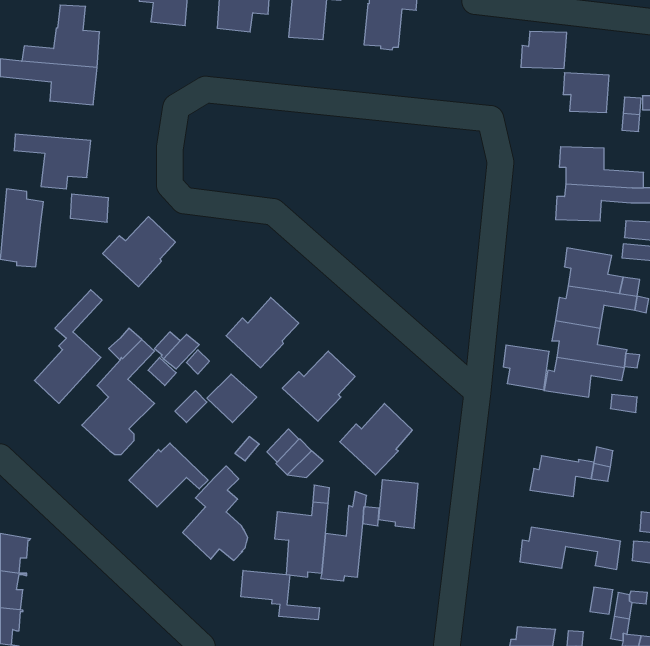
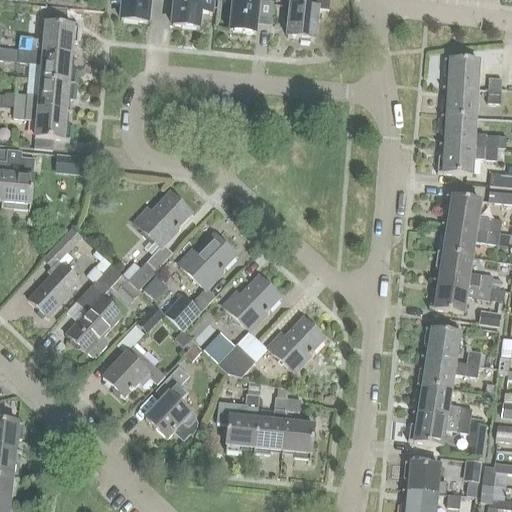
building: [521,31,567,68] -> [441,87,477,116]
building: none -> [14,79,75,110]
building: [103,217,175,287] -> [134,192,191,247]
building: [503,345,549,390] -> [423,327,459,362]
building: [378,480,418,528] -> [282,421,313,459]
building: none -> [415,384,473,421]
building: [241,570,319,620] -> none
building: none -> [404,461,440,493]

